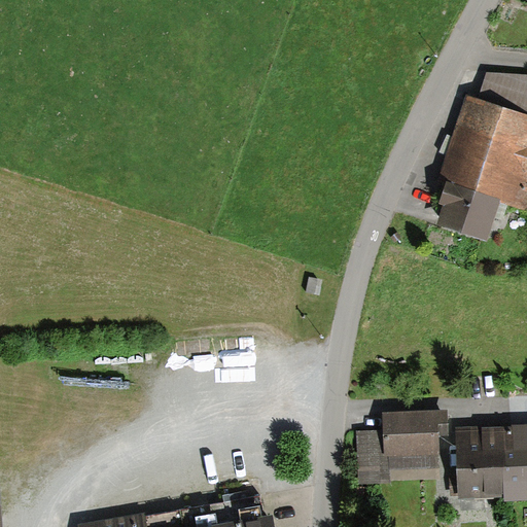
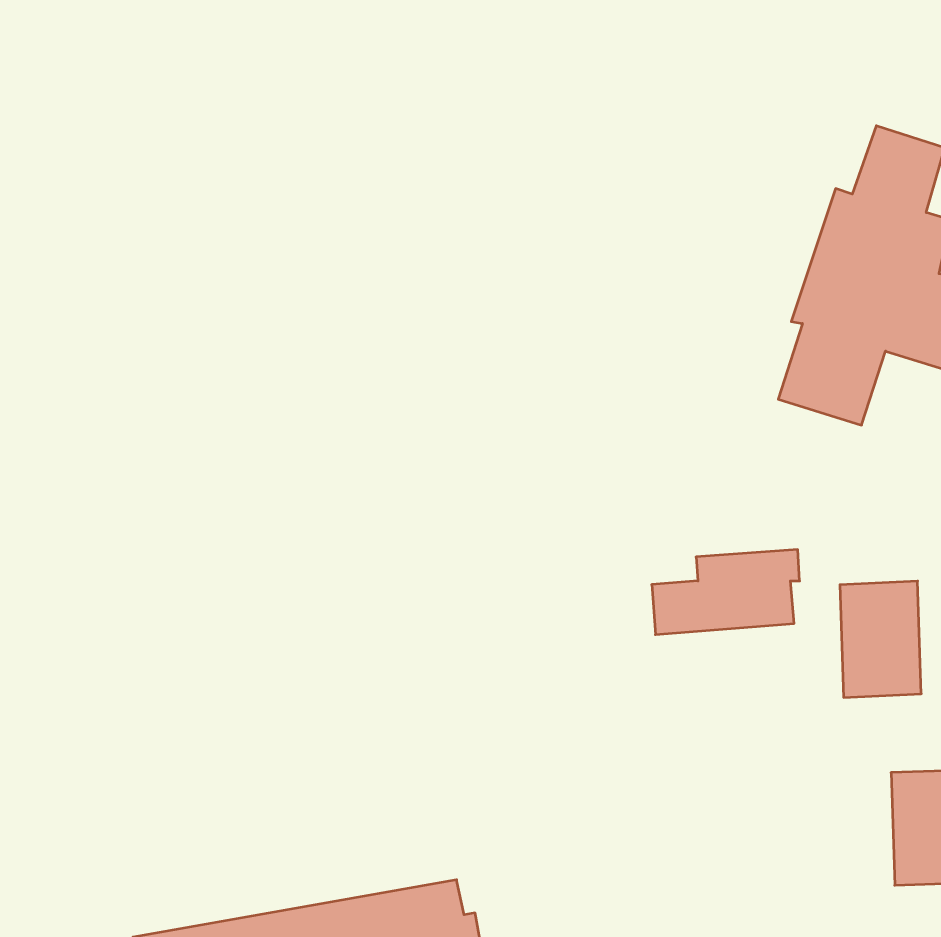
building: [357,422,440,469] -> [652,550,800,635]
building: [455,434,500,499] -> [840,581,921,697]

